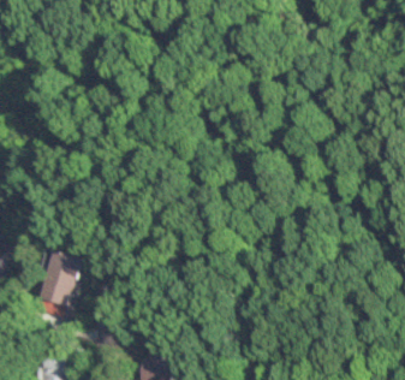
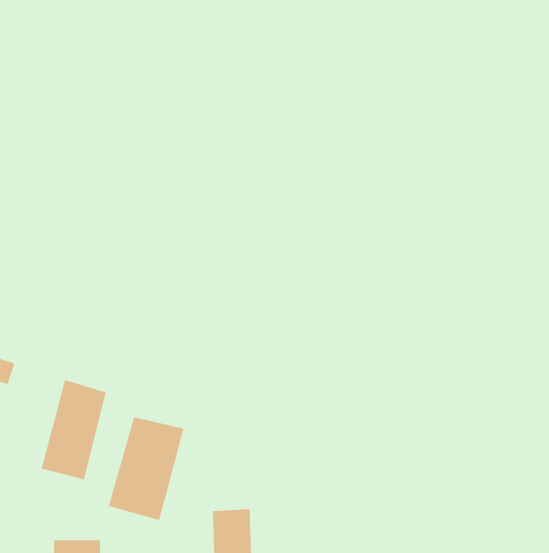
building: none -> [108,417,184,521]

